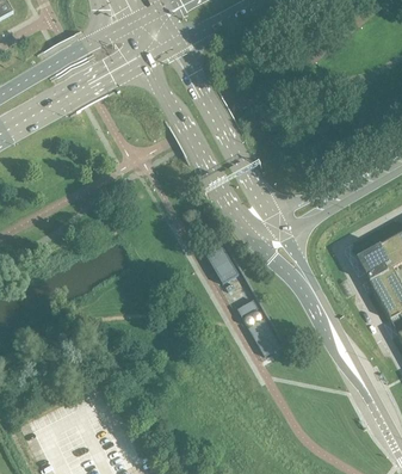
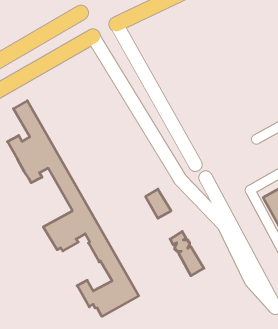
building: none -> [7,101,139,316]

